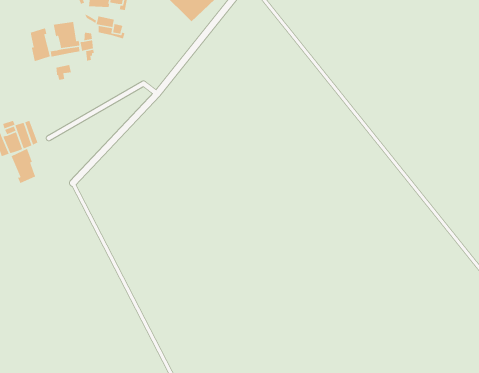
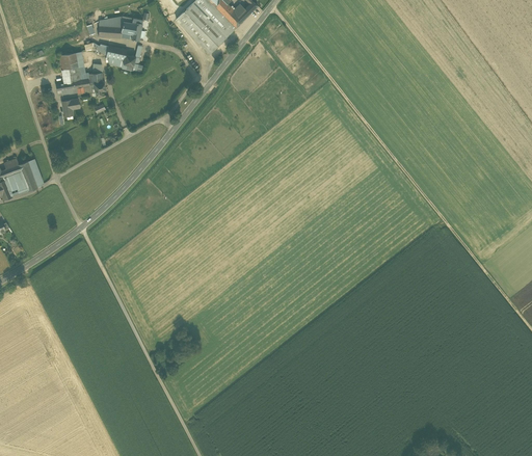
building: [30,20,51,62] -> none
building: [11,148,36,191] -> none

